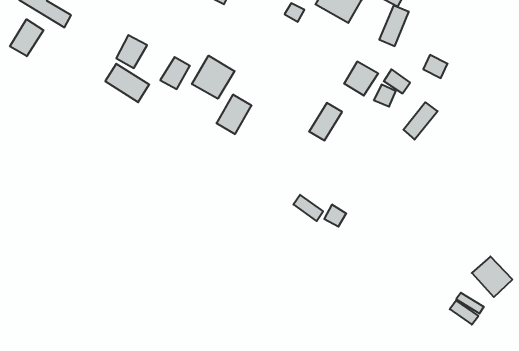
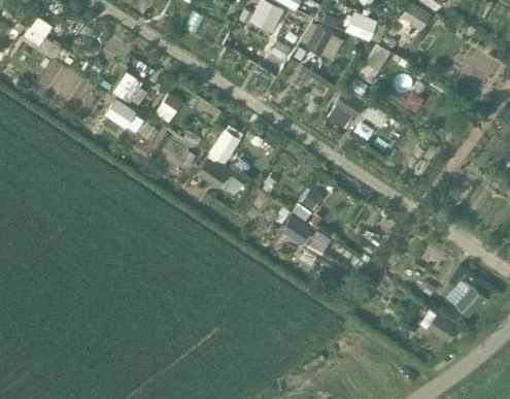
building: [10,19,43,56] -> none
building: [192,56,235,99] -> none
building: [309,103,342,140] -> [293,185,324,220]

